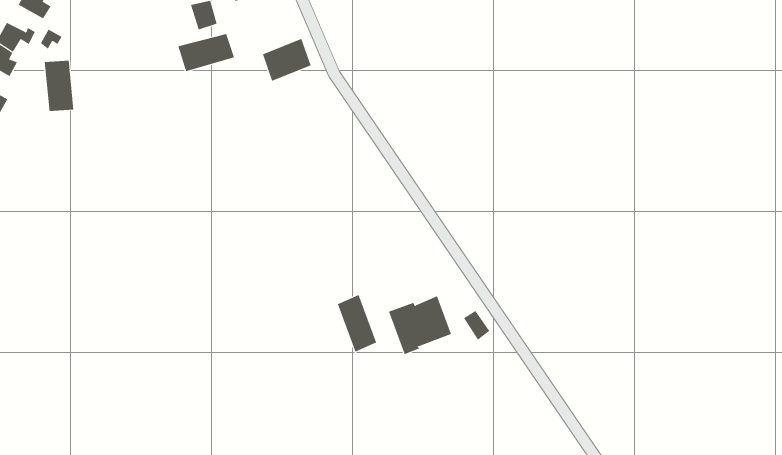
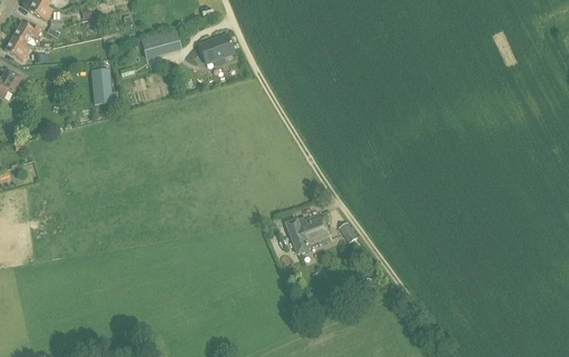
building: [44,60,74,111] -> [90,68,111,103]
building: [337,294,377,353] -> none

